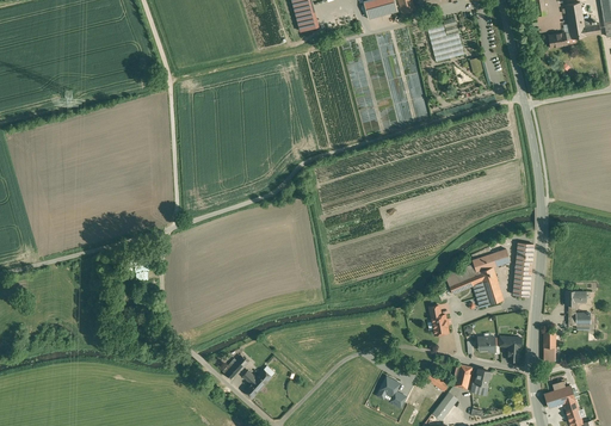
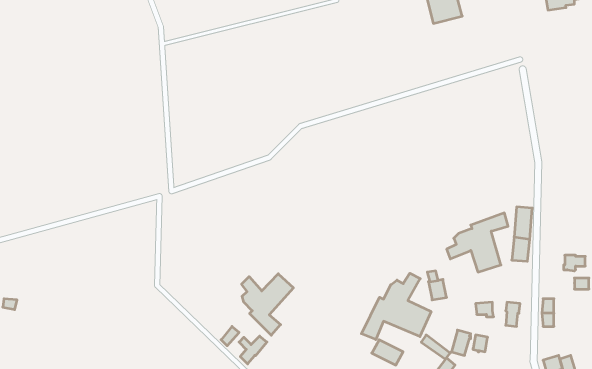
building: none -> [361,273,431,340]
building: none -> [242,274,293,335]

